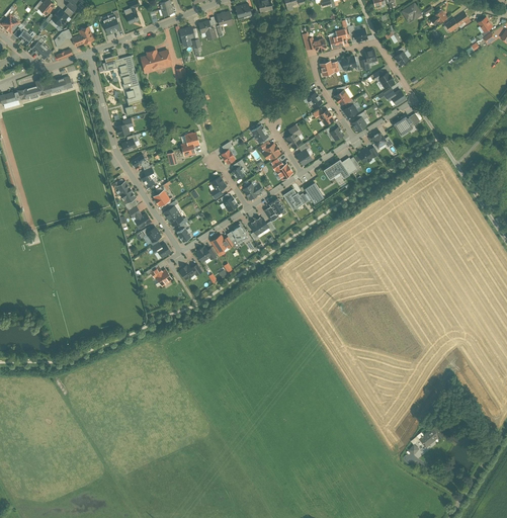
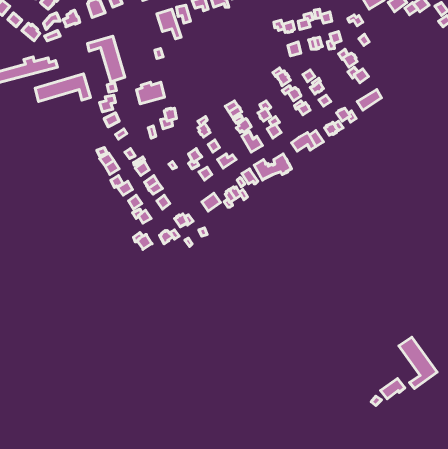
building: [140,50,170,73] -> [136,82,164,104]
building: none -> [35,74,90,102]
building: none -> [399,337,437,388]

